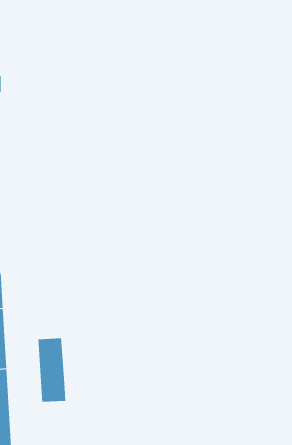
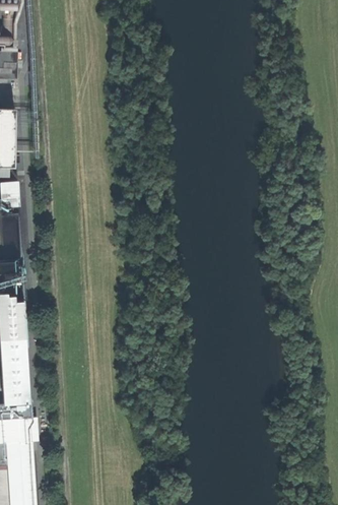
building: [38,338,66,403] -> none

